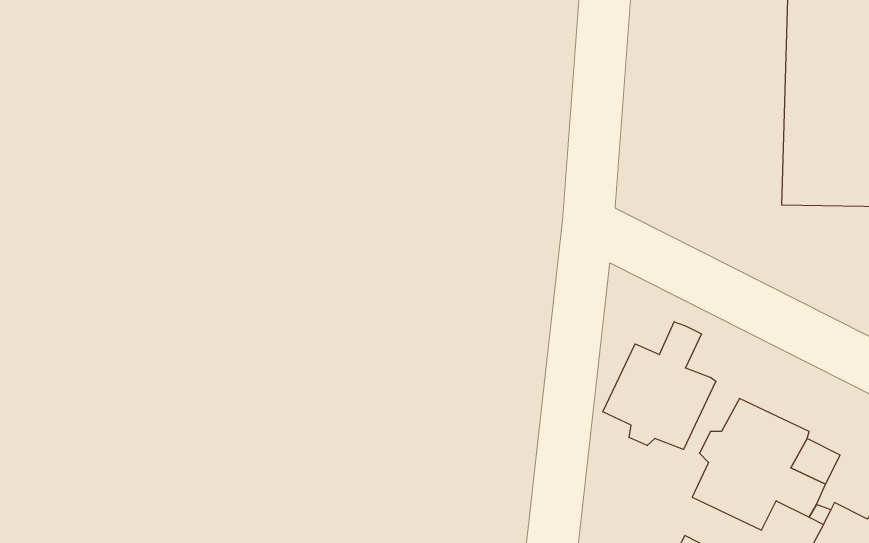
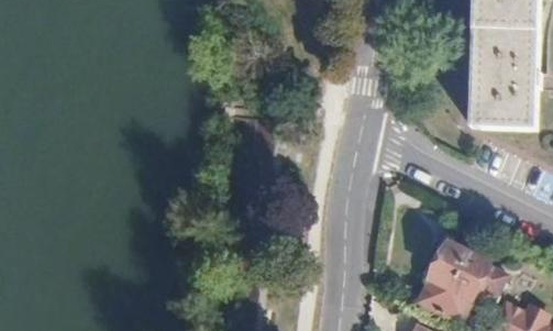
building: [603,322,716,449] -> none

